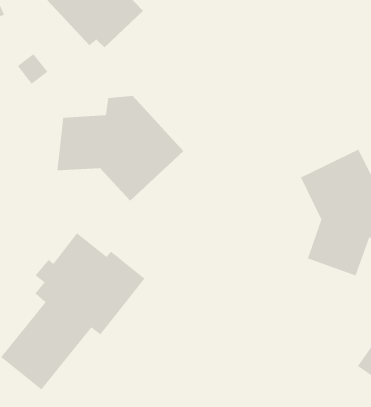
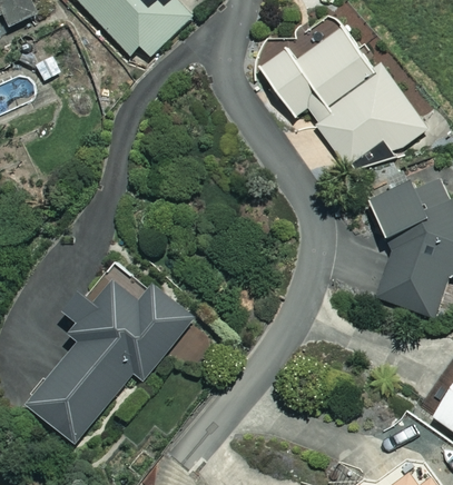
building: none -> [259,28,426,166]
building: [57,95,184,202] -> none

